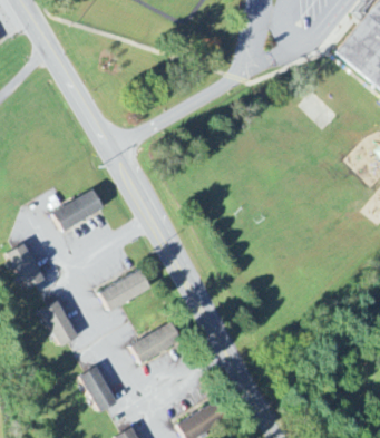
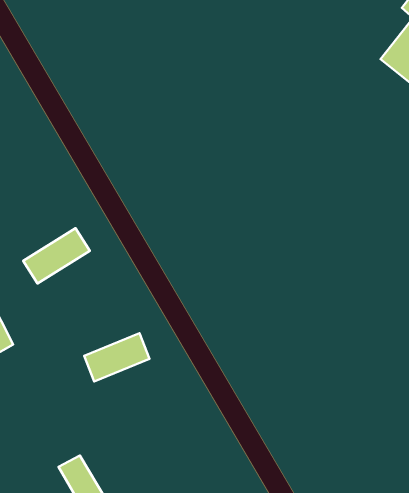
building: [42,300,77,345] -> none
building: [130,321,183,362] -> none

